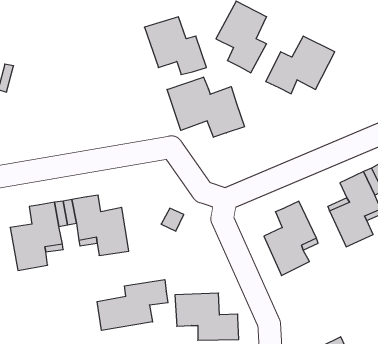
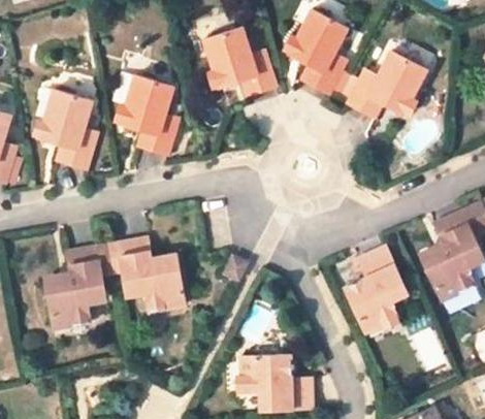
building: none -> [120,75,179,156]
building: none -> [38,90,97,169]
building: [167,77,244,137] -> none
building: [97,280,168,330] -> none

